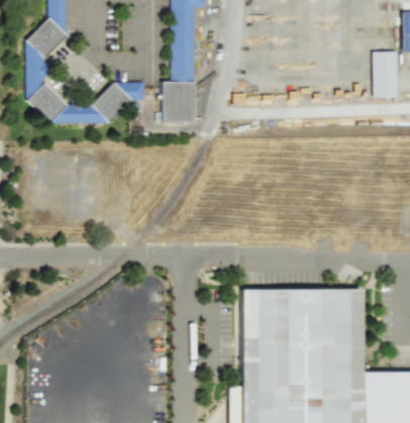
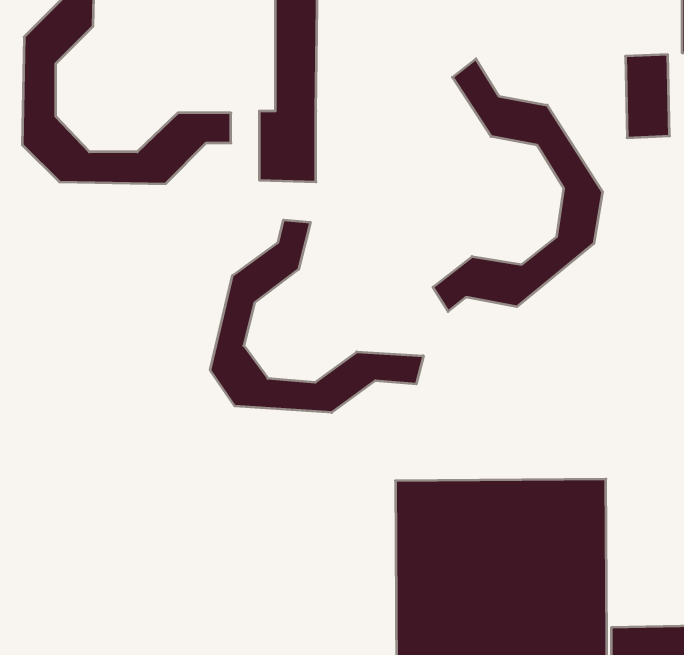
building: none -> [433,59,603,312]
building: none -> [210,220,423,413]

